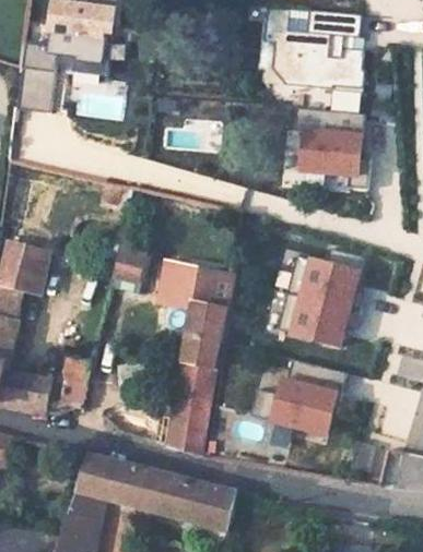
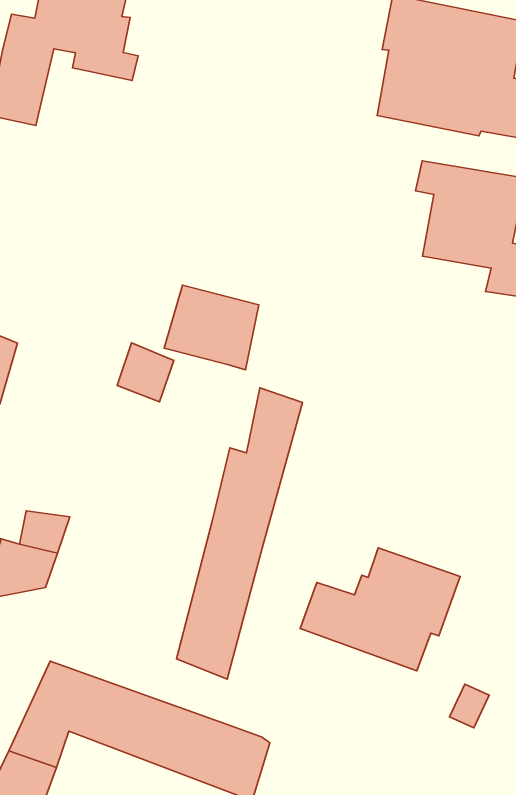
building: [277,256,359,346] -> none
building: [149,259,207,309] -> [164,285,259,370]

